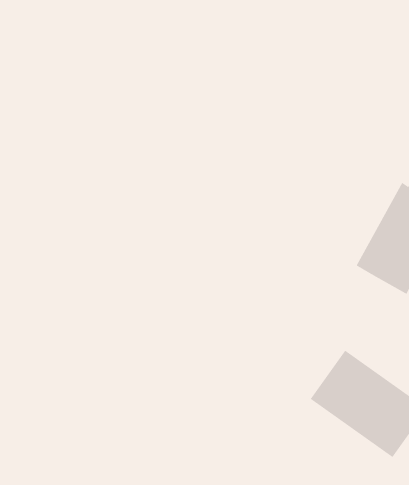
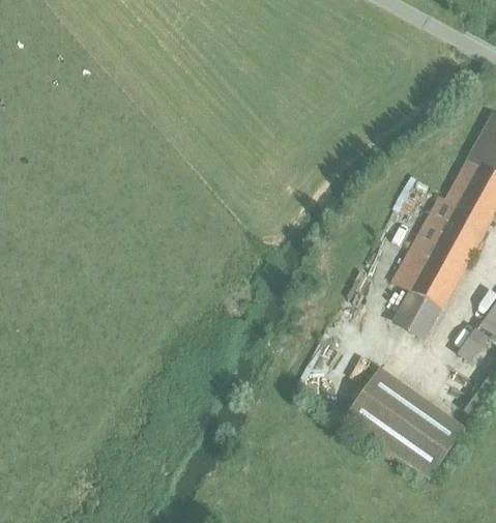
building: none -> [392,289,443,340]

